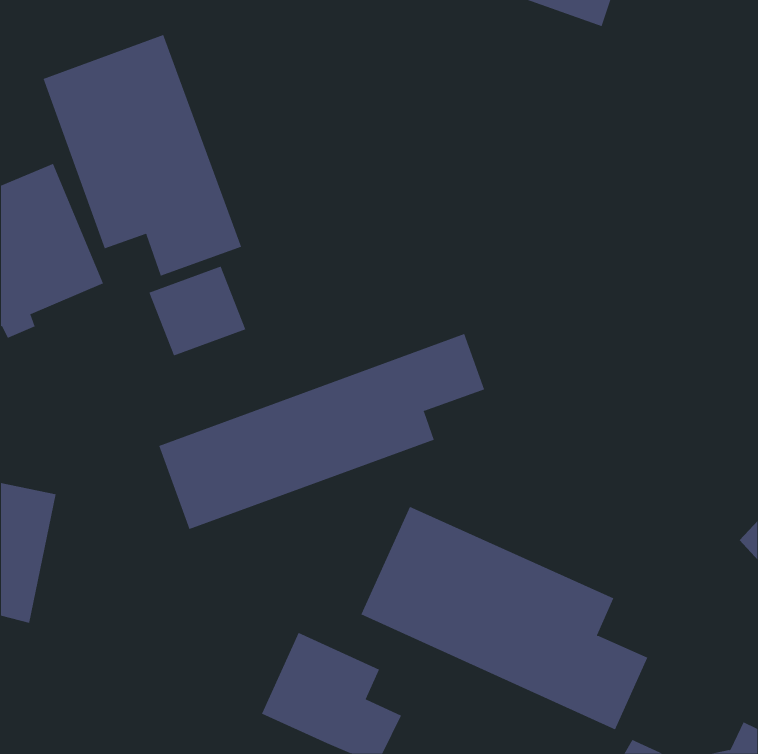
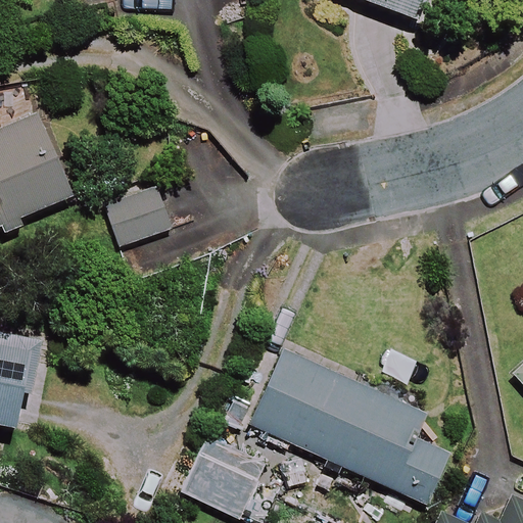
building: [43,34,242,277] -> none
building: [159,333,485,530] -> none

